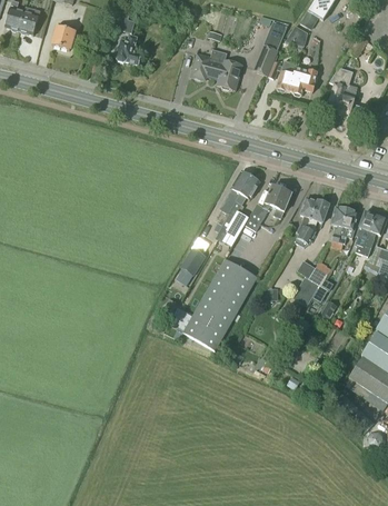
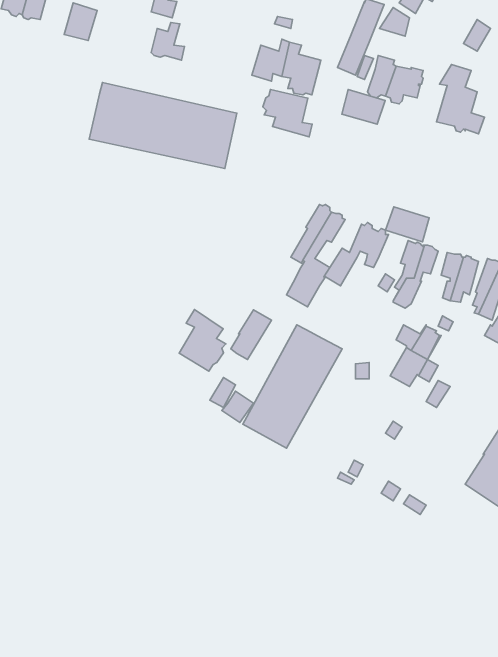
building: none -> [89,83,237,168]
building: none -> [263,89,312,137]
building: none -> [342,90,385,124]
building: none -> [386,207,429,242]
building: none -> [179,309,226,371]

